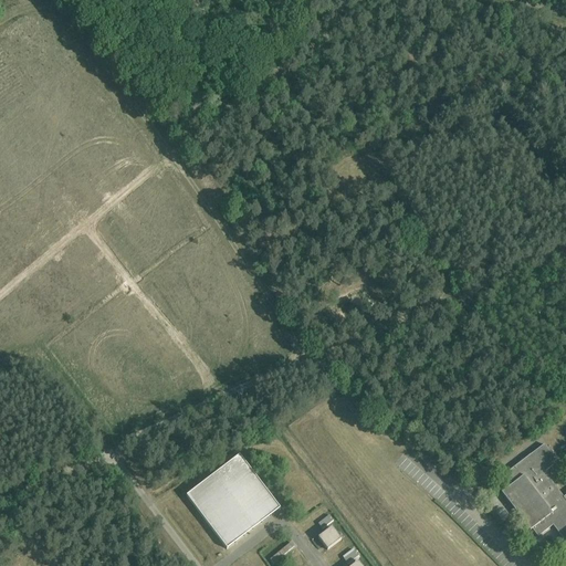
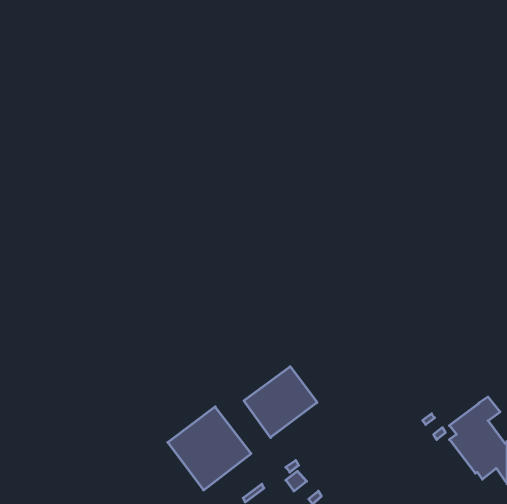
building: none -> [244,367,317,438]

